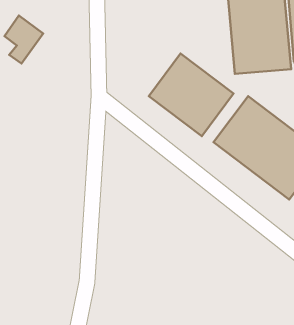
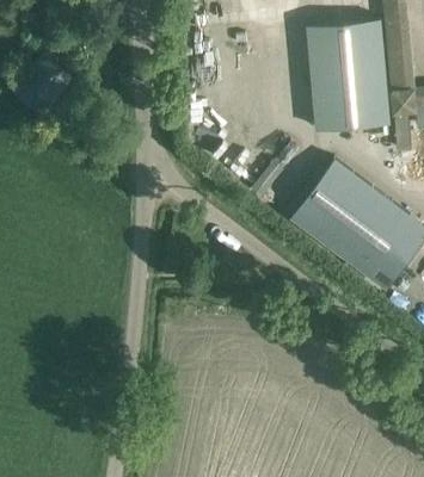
building: [149,53,233,136] -> none

